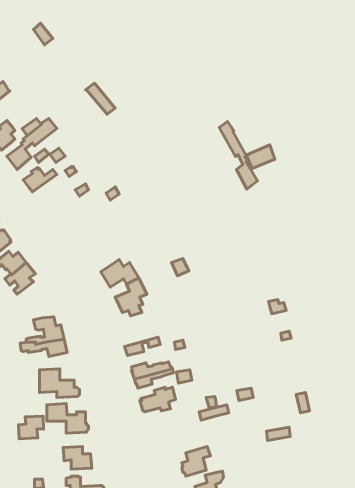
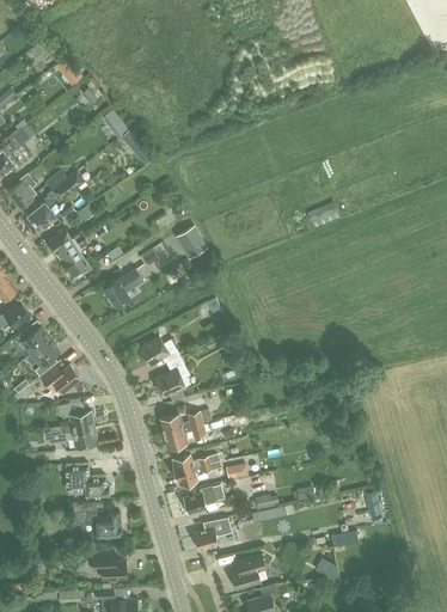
building: [219,122,257,189] -> none
building: none -> [174,226,206,258]
building: none -> [56,235,90,279]
building: none -> [103,268,143,306]
building: none -> [41,365,80,392]
building: none -> [159,408,212,436]
building: none -> [192,516,231,549]
building: [19,416,43,439] -> none

